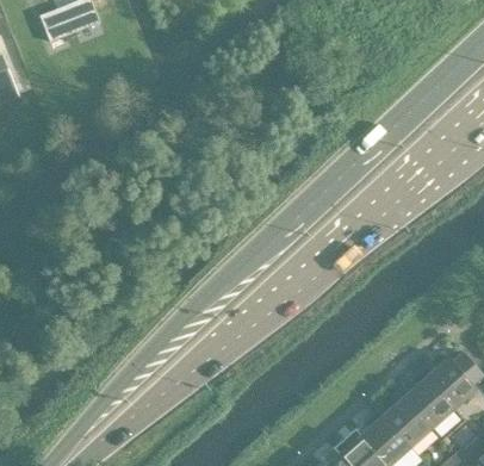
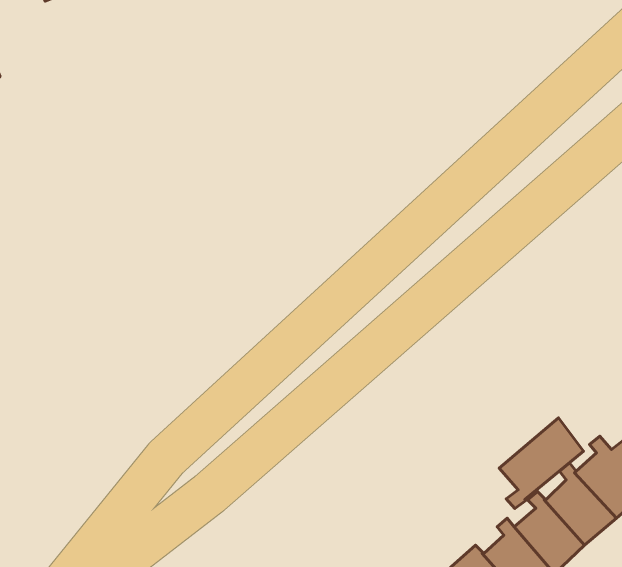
building: none -> [499,418,584,509]

